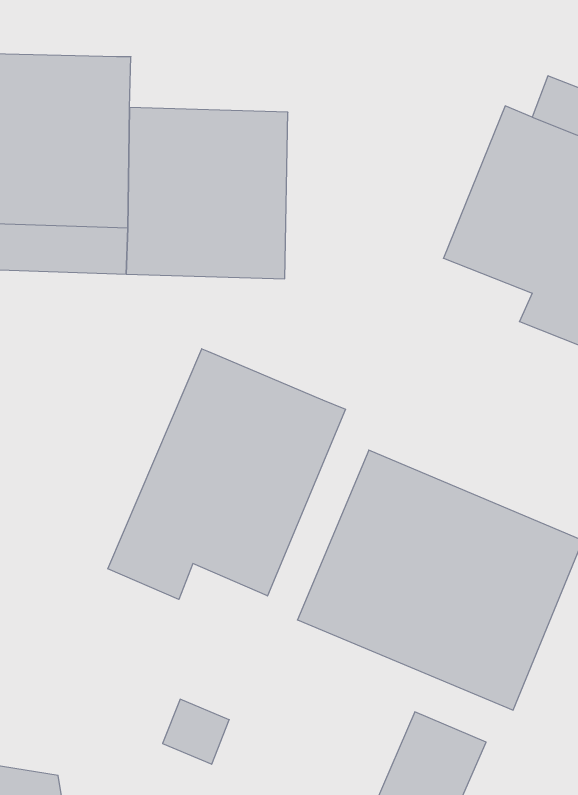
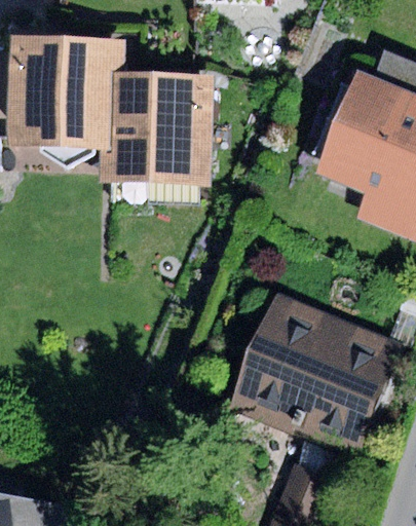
building: [108,349,345,599] -> none

